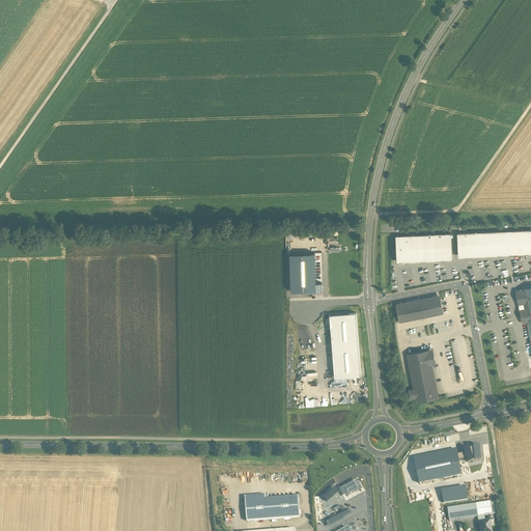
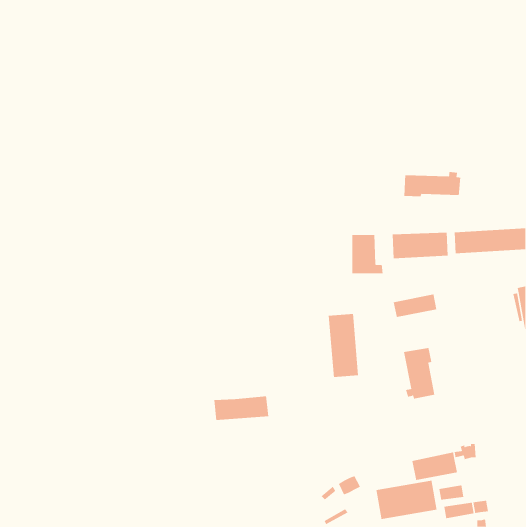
building: none -> [404,171,461,197]
building: [289,253,322,292] -> [351,235,383,274]
building: none -> [376,480,437,520]
building: [244,497,300,522] -> [213,396,269,420]

